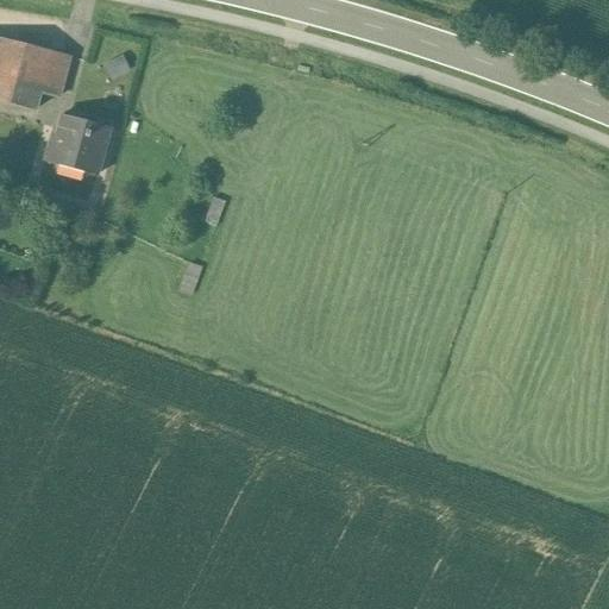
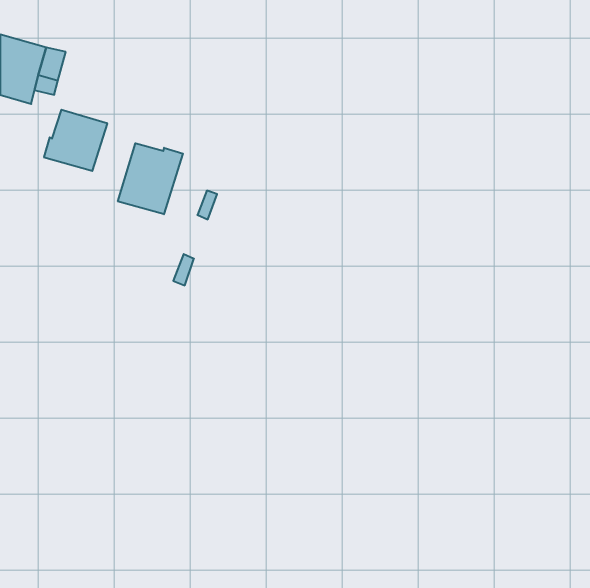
building: none -> [118,143,183,214]

